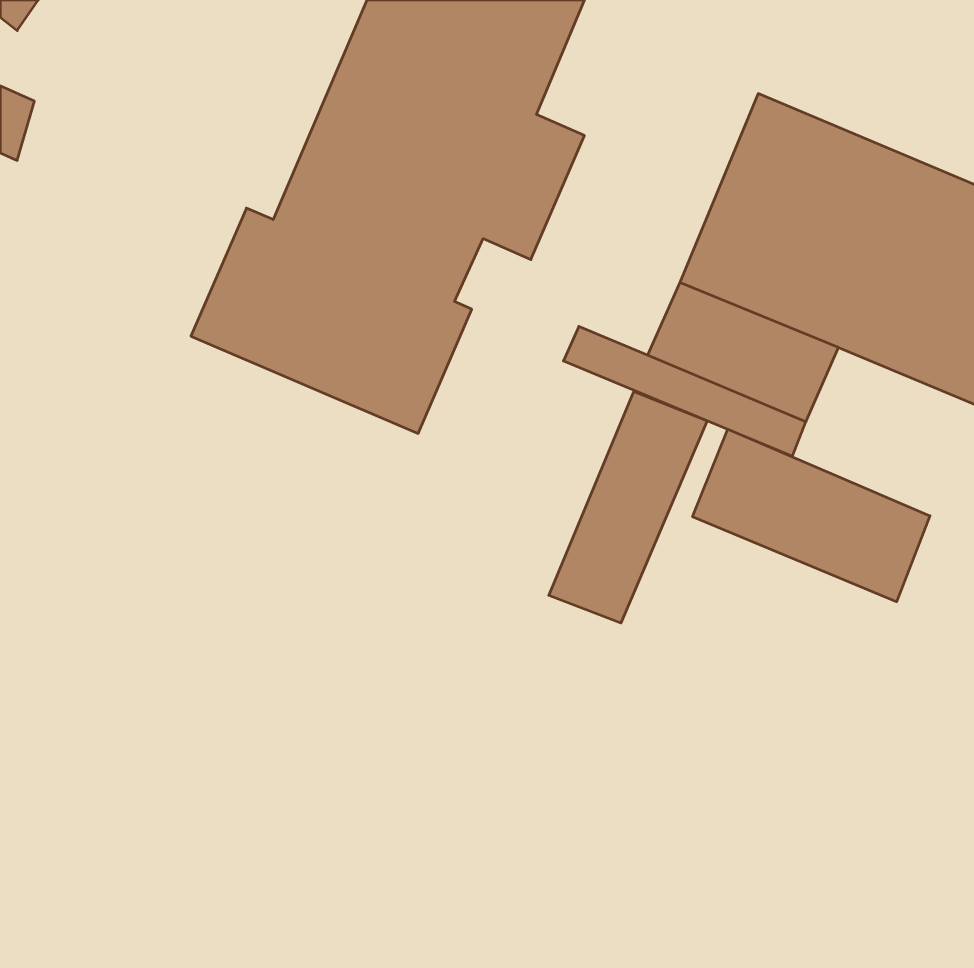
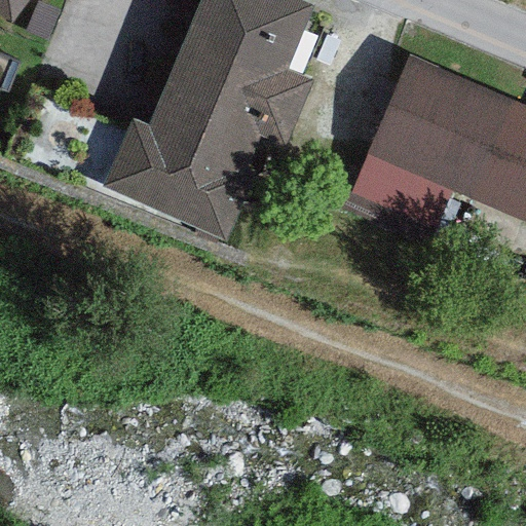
building: [549,392,707,623] -> none
building: [693,429,930,602] -> none

